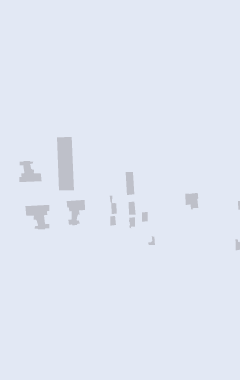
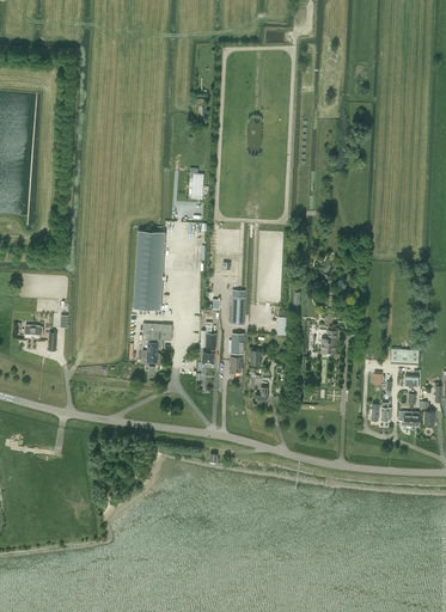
building: [19,160,42,183] -> none
building: [25,204,50,230] -> none

